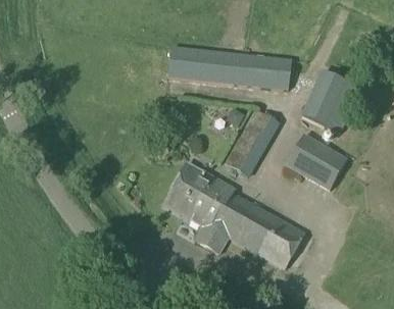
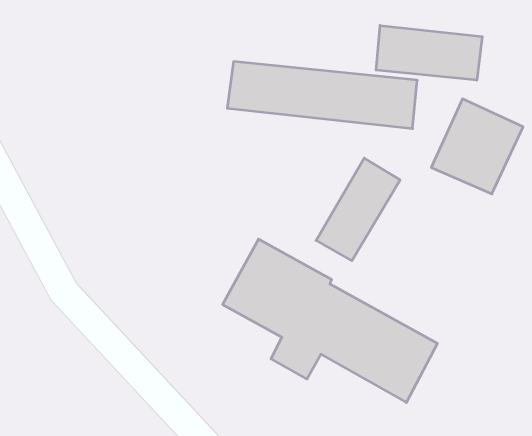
building: none -> [376,25,482,80]
building: [285,134,346,190] -> none

